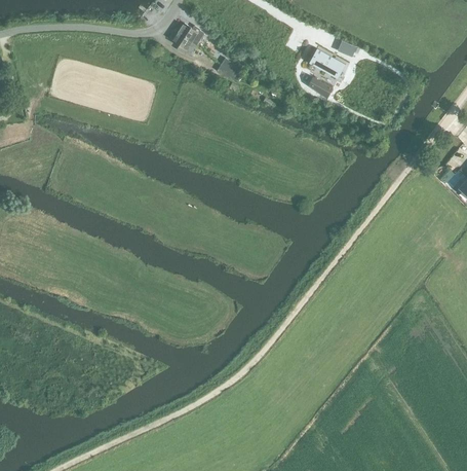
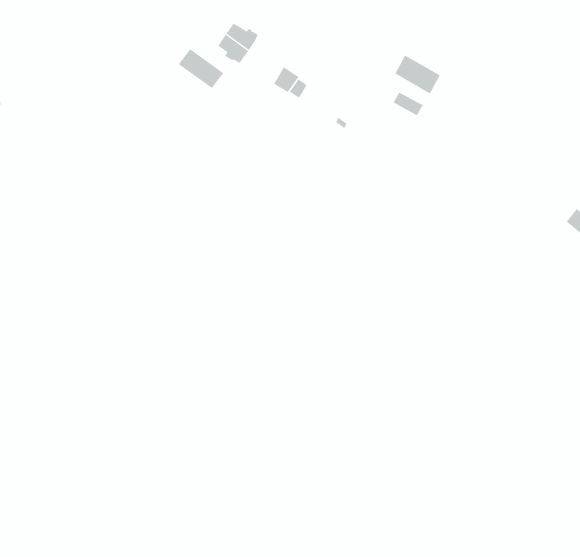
building: none -> [178,48,225,90]

